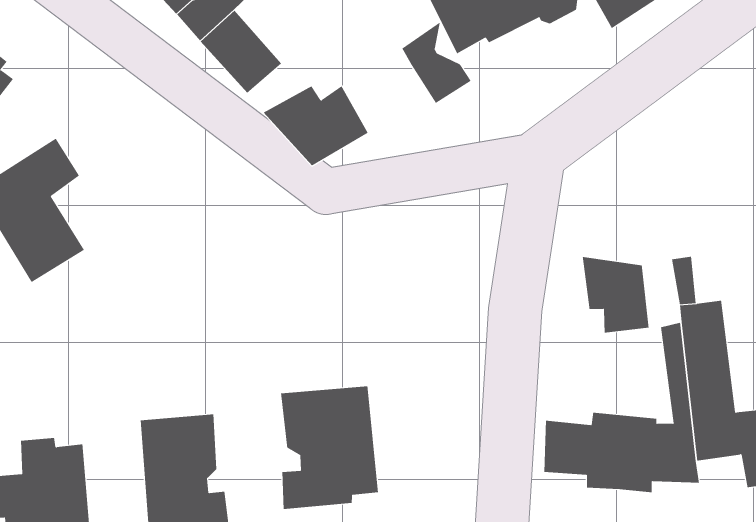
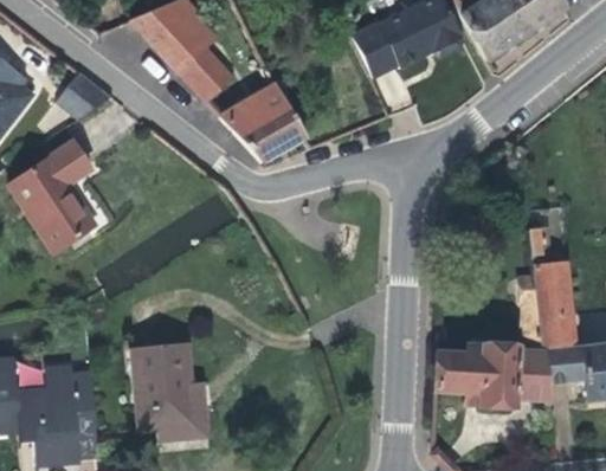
building: [401,21,471,104] -> none
building: none -> [59,79,115,121]
building: [582,256,649,334] -> none
building: [280,385,379,510] -> none

